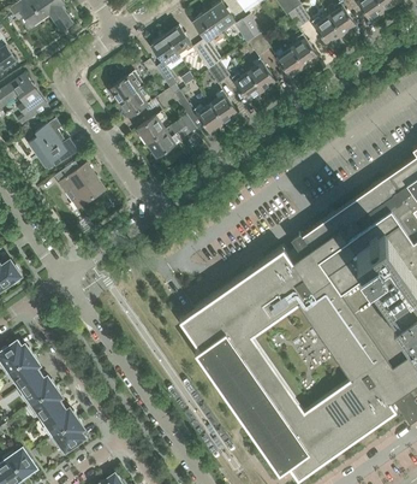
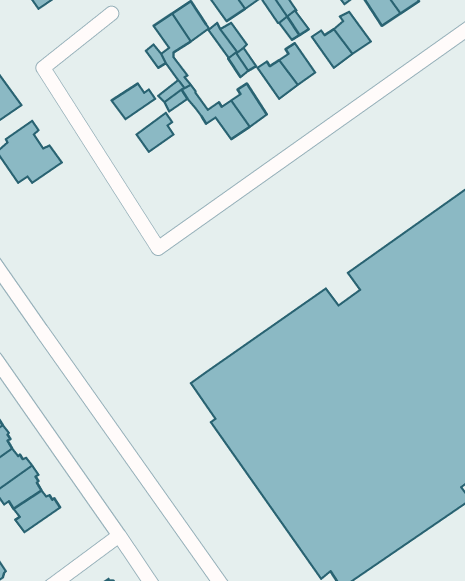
building: [108,71,144,104] -> none
building: [147,116,197,158] -> none
building: [55,163,106,209] -> none
building: [50,419,87,453] -> none

